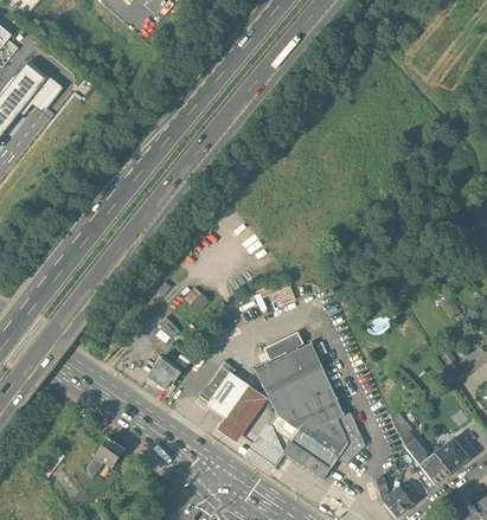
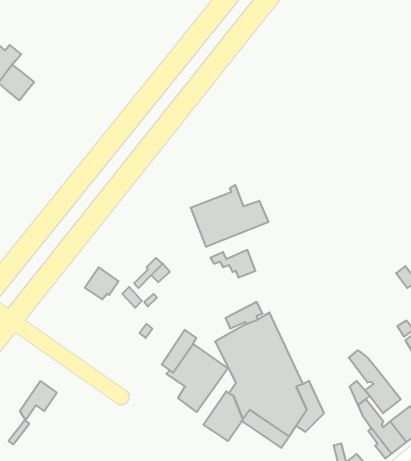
building: none -> [191,185,268,247]
building: [145,357,179,390] -> [85,267,119,300]
building: none -> [349,350,401,413]
building: [88,436,126,476] -> [20,381,57,420]

